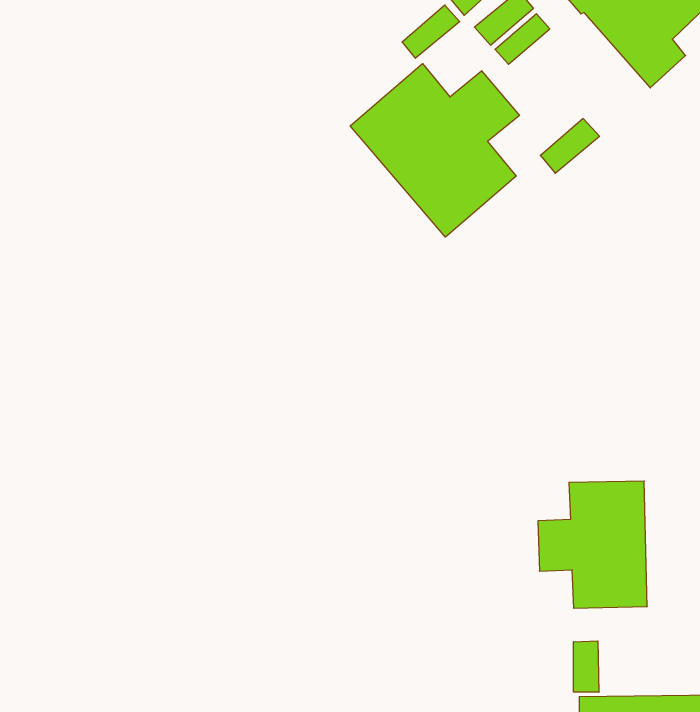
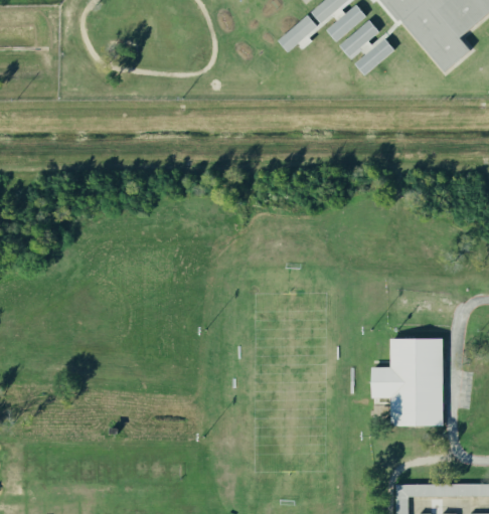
building: [350,64,519,237] -> none
building: [540,119,599,173] -> [355,38,395,75]
building: [574,641,599,692] -> none

